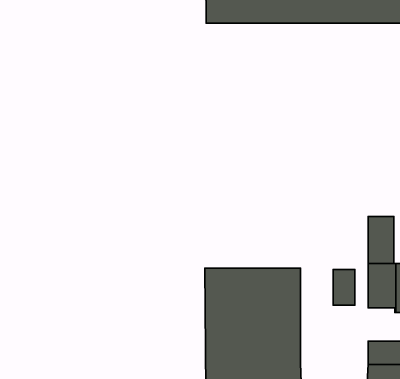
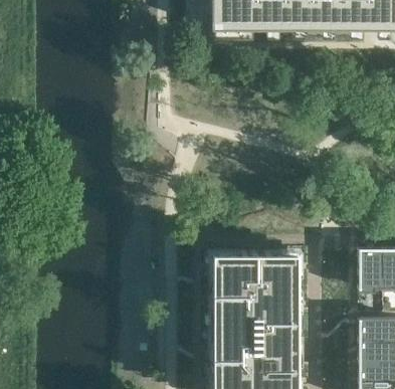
building: [368,216,394,264] -> none
building: [333,269,355,305] -> none

